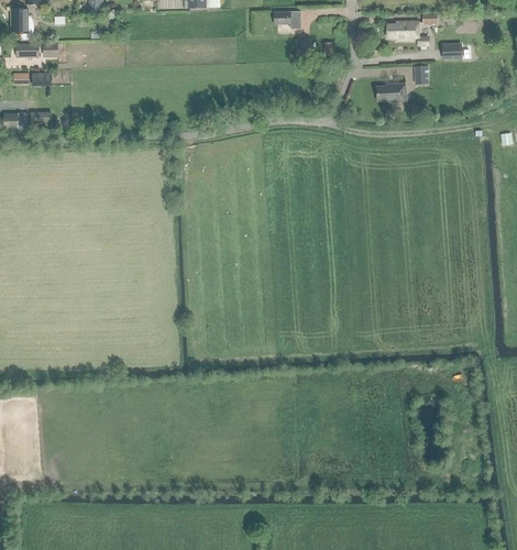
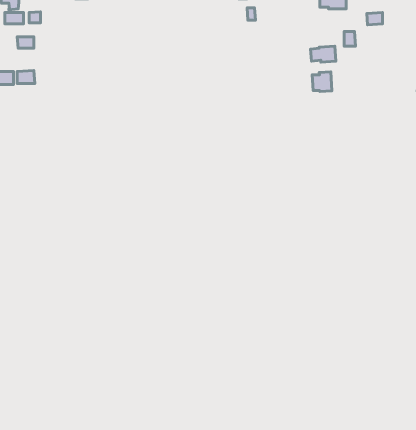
building: none -> [312,72,332,92]

